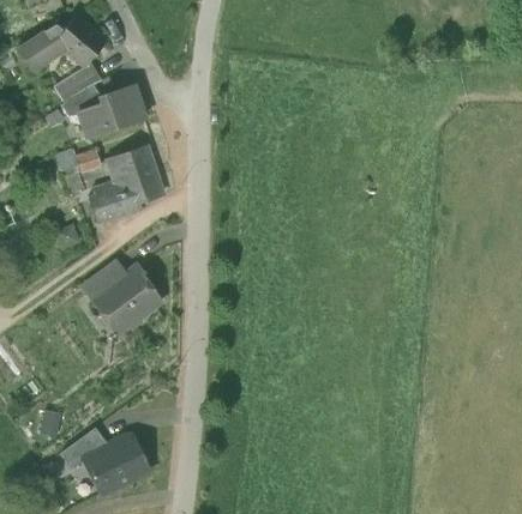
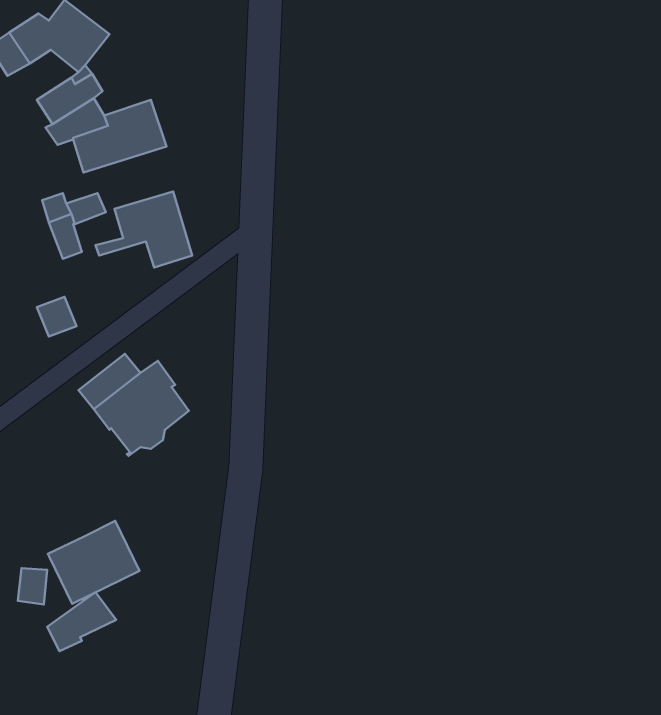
building: [90,185,142,222] -> none
building: [84,436,148,494] -> [48,521,139,604]

